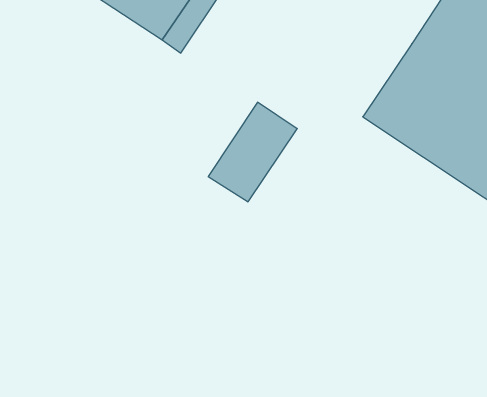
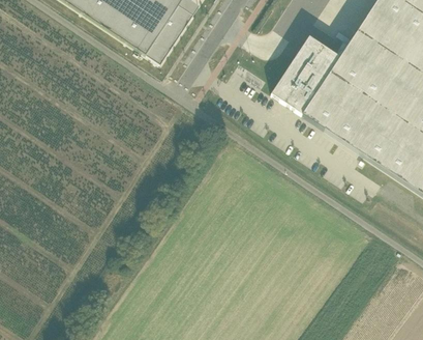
building: [208,102,297,202] -> [271,34,340,112]

